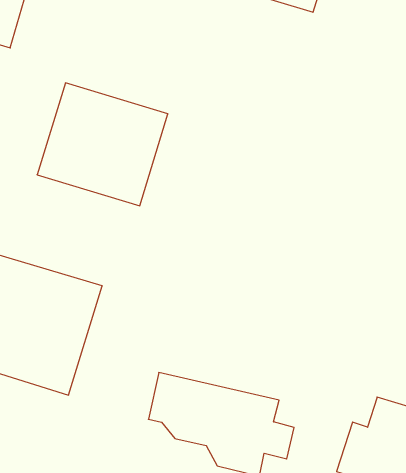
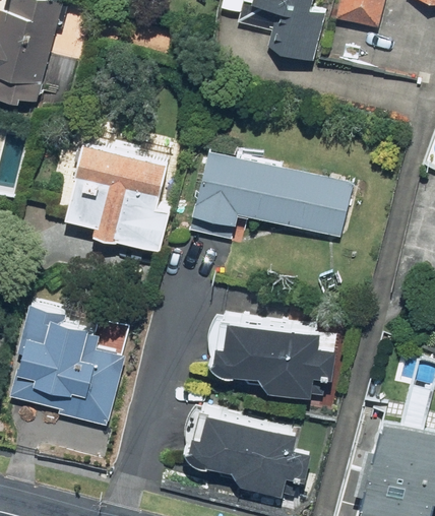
building: none -> [192,150,350,243]
building: none -> [206,309,339,396]

